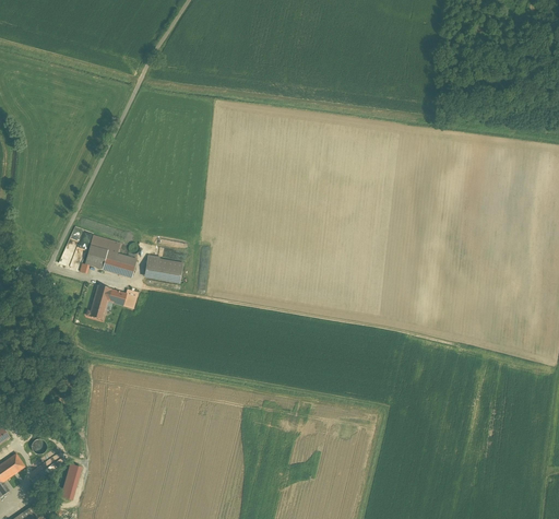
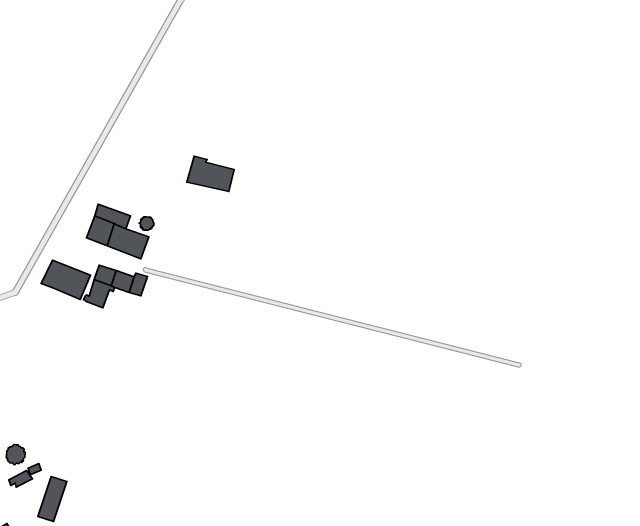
building: [144,255,182,282] -> [187,156,234,192]
building: none -> [41,260,90,300]

